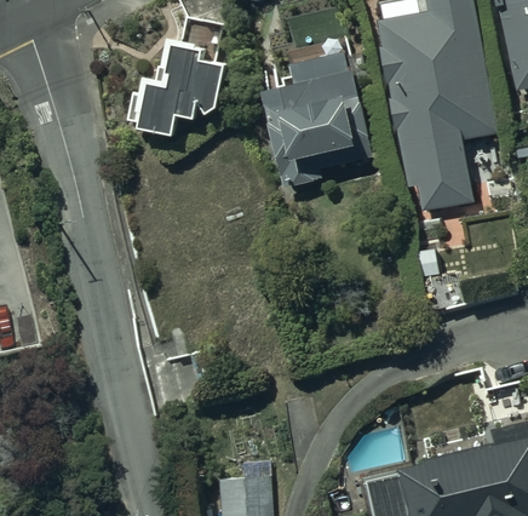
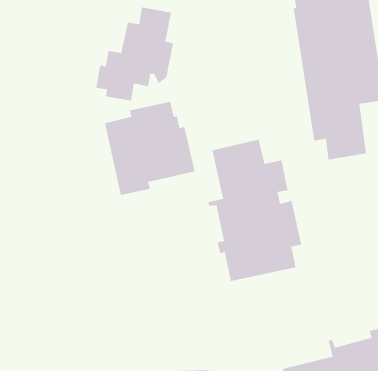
building: [262,65,378,185] -> [104,101,195,195]
building: none -> [208,139,302,282]

